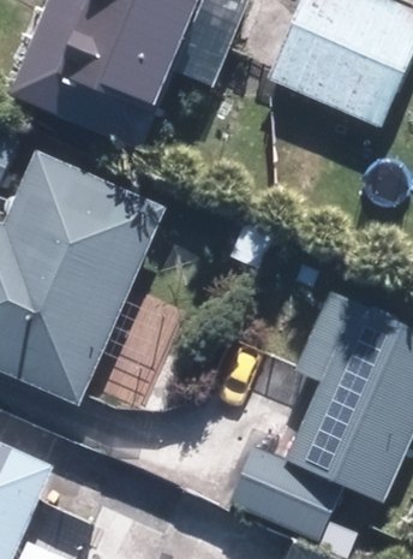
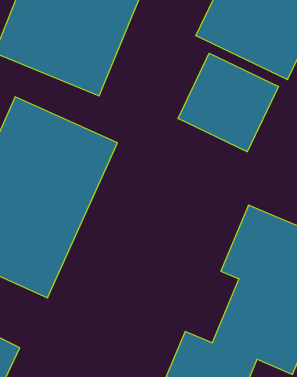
building: none -> [178,53,278,152]

